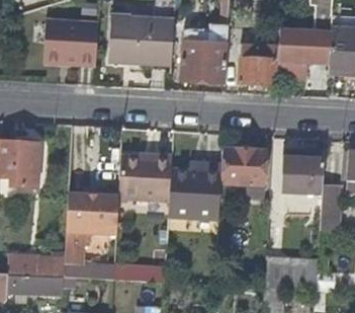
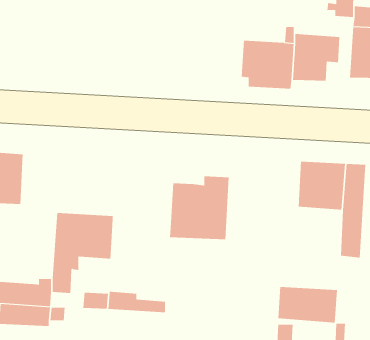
building: [109,14,172,64] -> none
building: [46,22,97,61] -> none
building: [180,29,226,78] -> none
building: [224,146,262,195] -> none
building: [118,154,171,203] -> none

